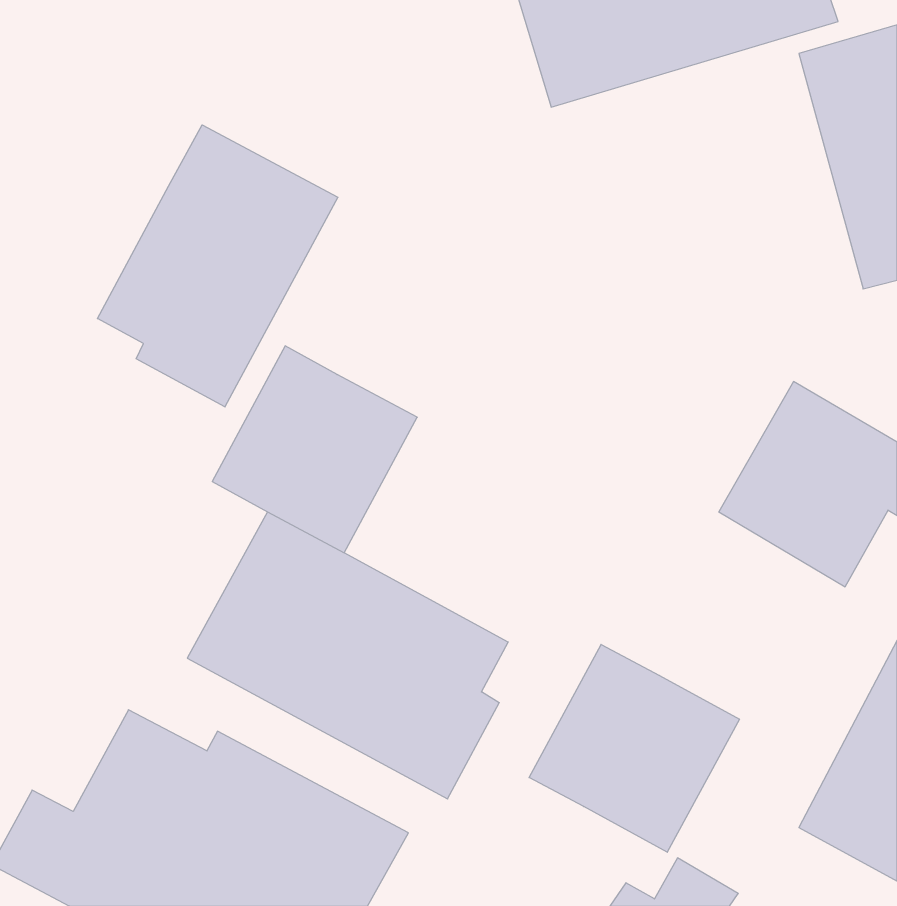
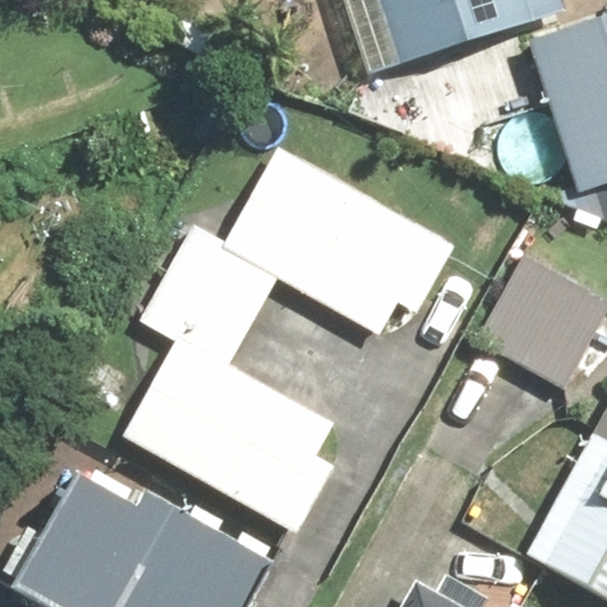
building: [97,125,338,407] -> none
building: none -> [224,151,454,332]
building: [529,644,739,852] -> none

